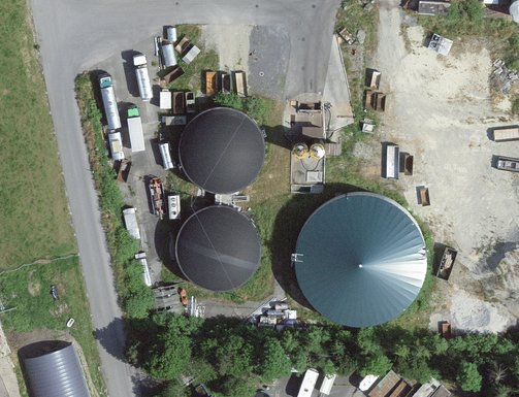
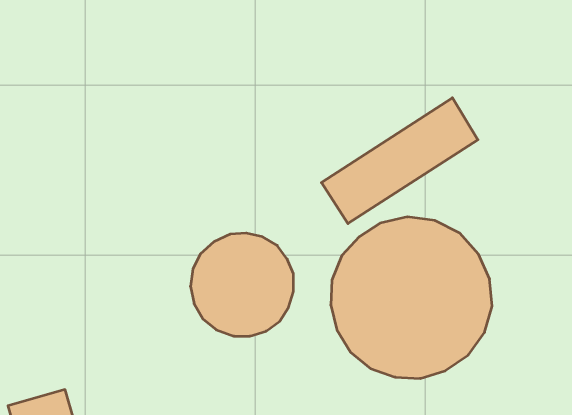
building: none -> [321,98,478,224]
building: [179,108,264,194] -> none

